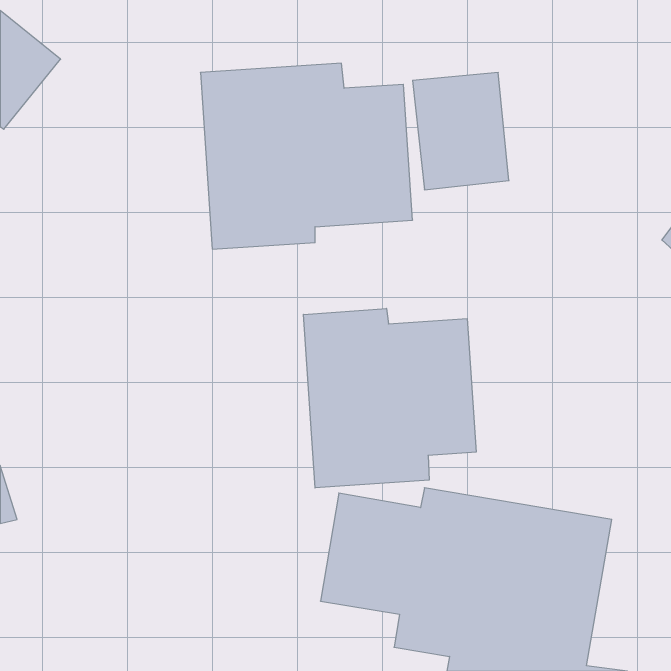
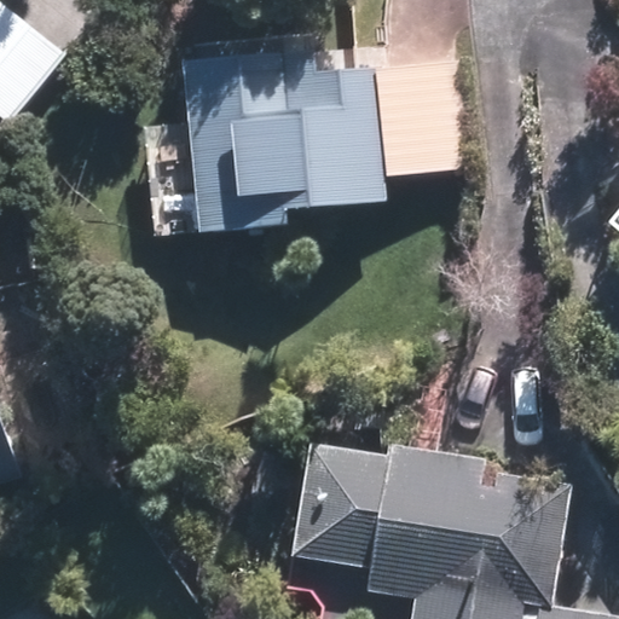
building: [303,308,476,488] -> none

